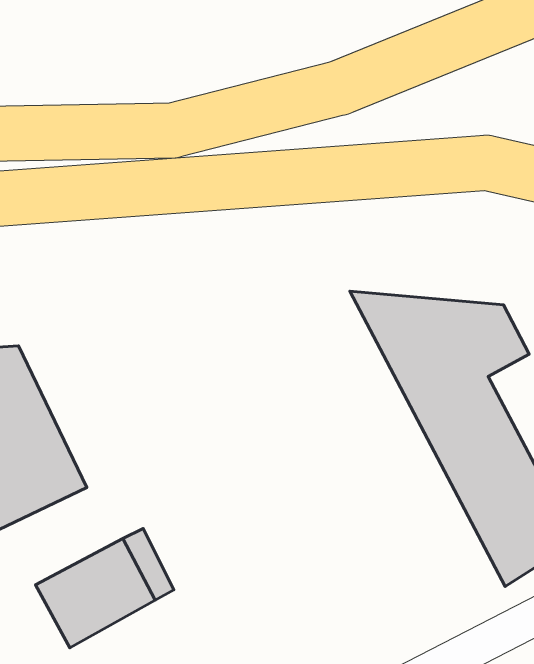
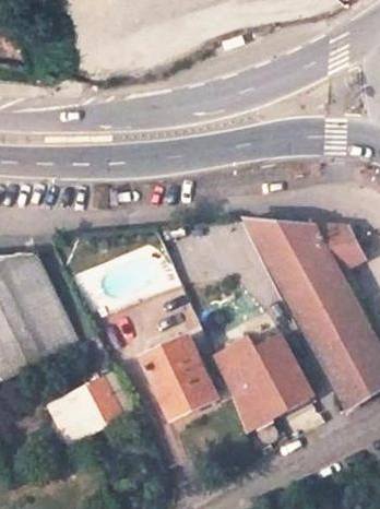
building: none -> [214,332,313,428]
building: none -> [142,336,215,416]

